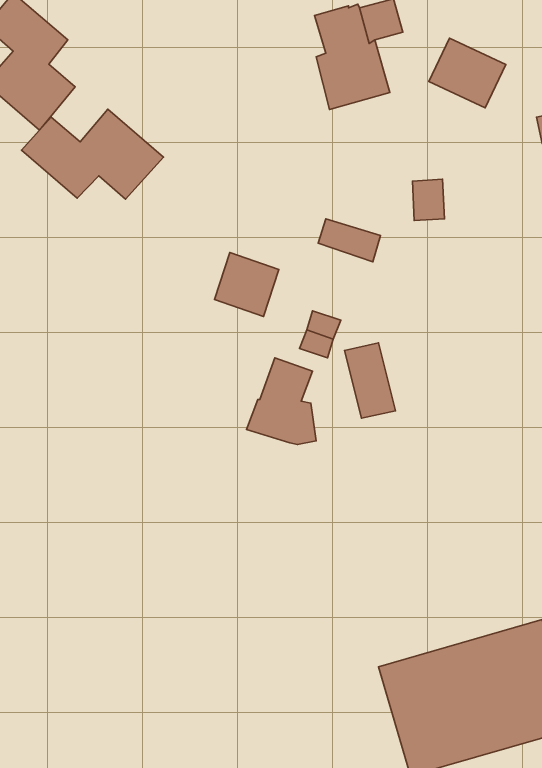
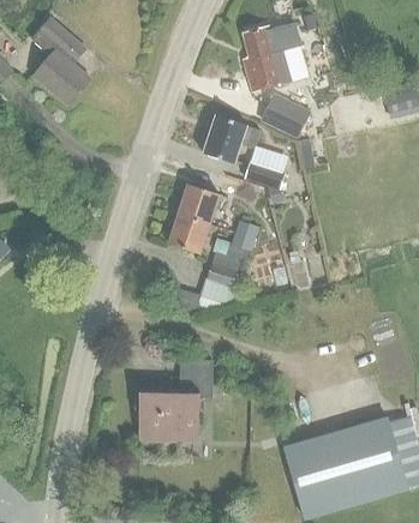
building: [429,38,506,108] -> [263,92,312,137]
building: [22,109,163,199] -> none
building: none -> [203,115,261,164]
building: none -> [168,214,210,254]
building: none -> [139,360,213,440]

